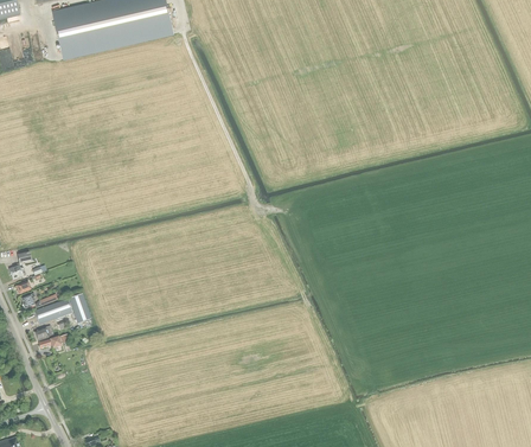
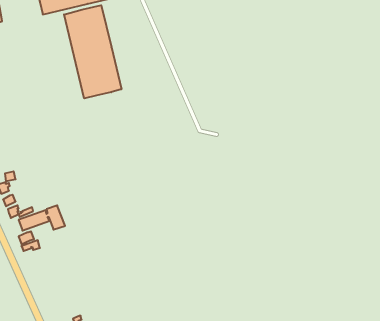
building: none -> [64,5,121,98]

